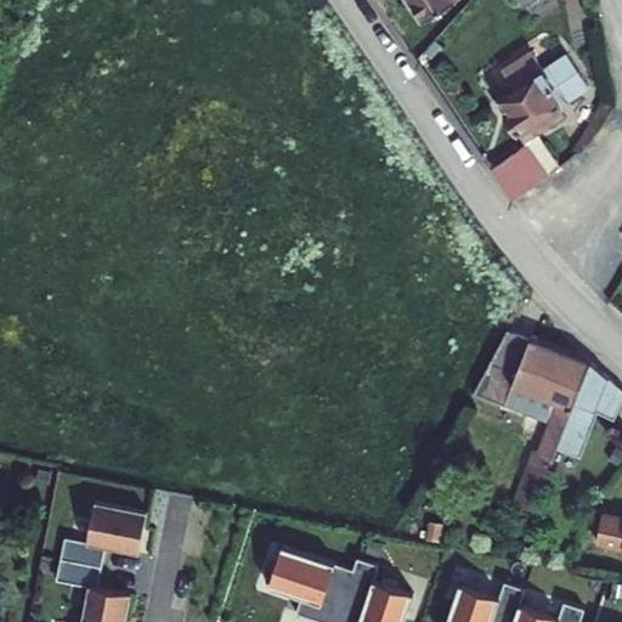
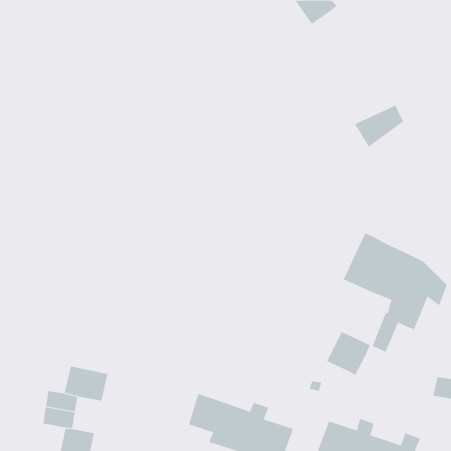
building: [494,61,590,147] -> none
building: none -> [326,331,370,375]

